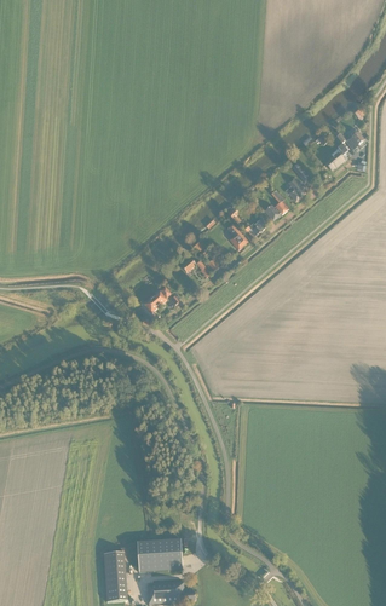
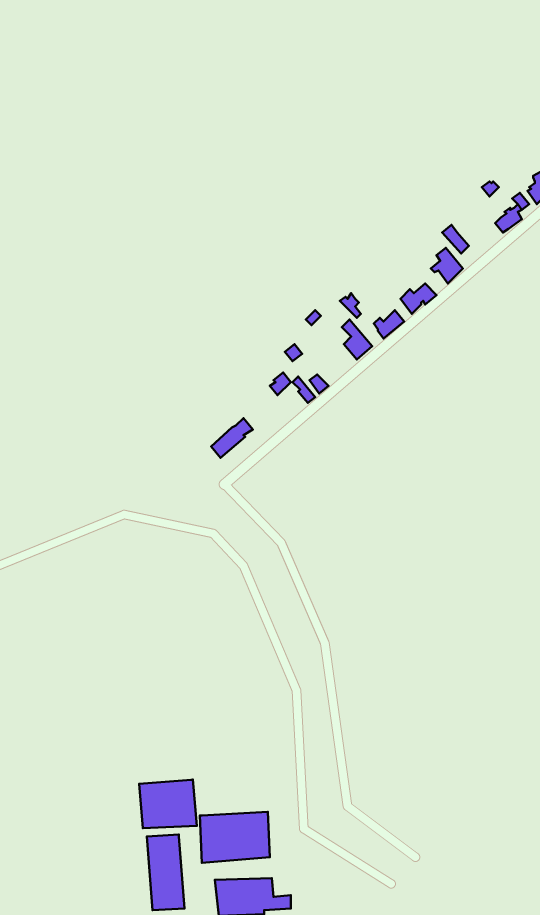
building: none -> [139,780,197,828]

